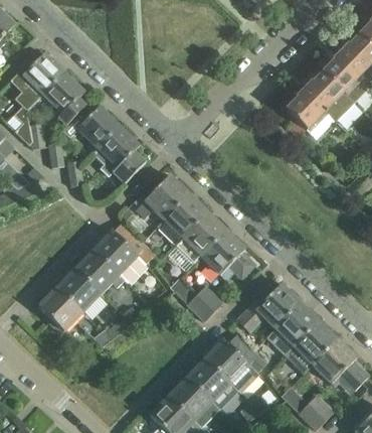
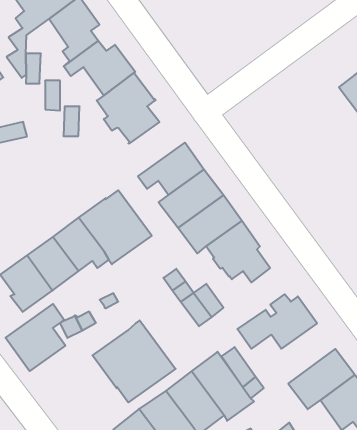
building: [266,303,318,355] -> none
building: none -> [6,304,65,371]
building: none -> [92,320,176,402]

